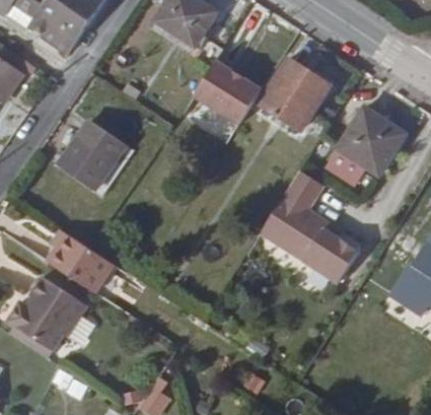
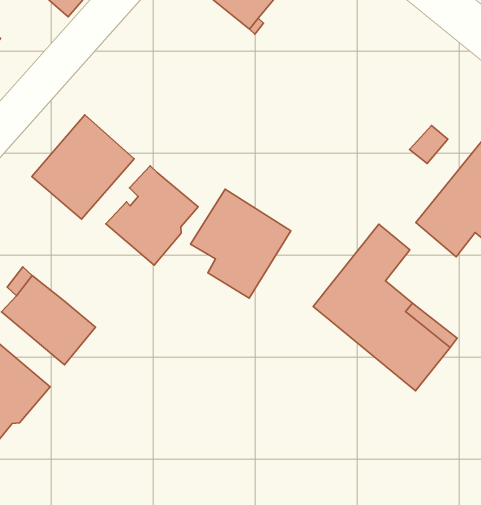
building: [258,58,331,132] -> none
building: [190,61,258,134] -> [191,189,291,298]
building: none -> [106,166,198,265]

